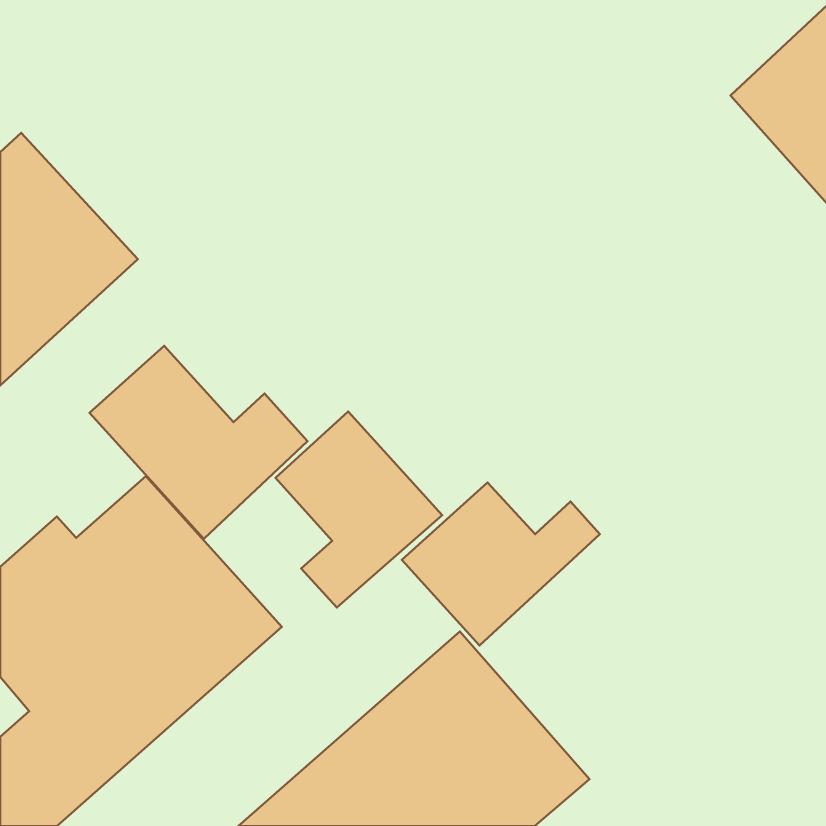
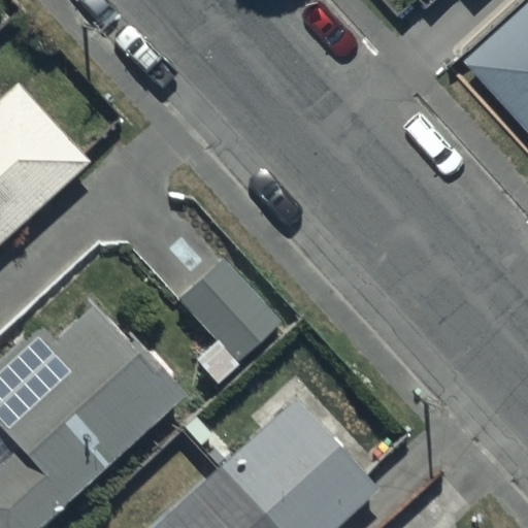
building: [90,346,307,539] -> none
building: [402,482,600,645] -> none

